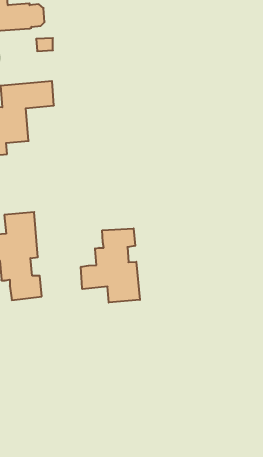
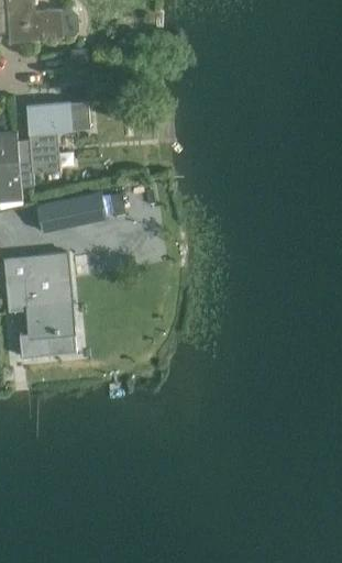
building: none -> [35,192,106,232]
building: [81,228,140,303] -> none

